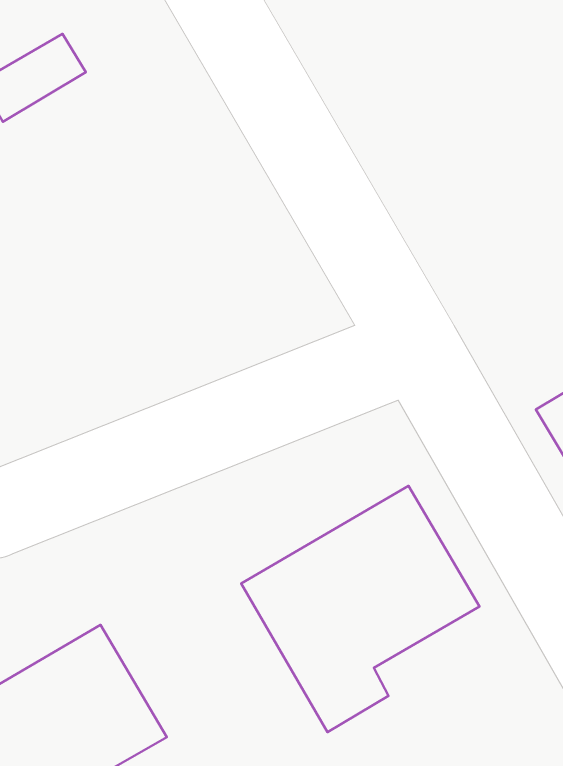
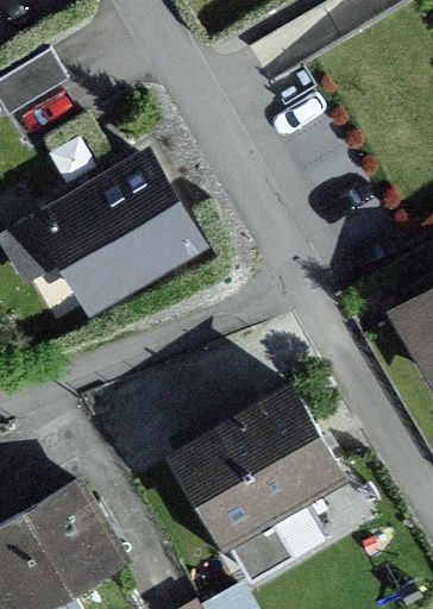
building: none -> [36,162,200,315]

